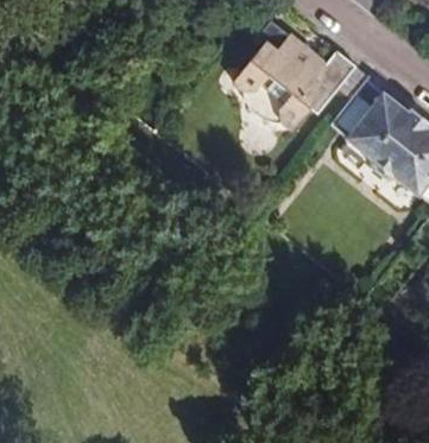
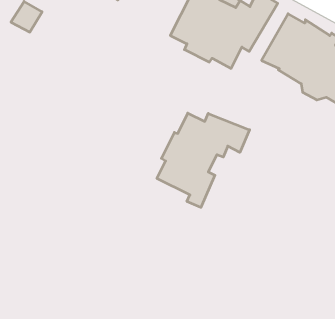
building: none -> [157,113,250,207]

